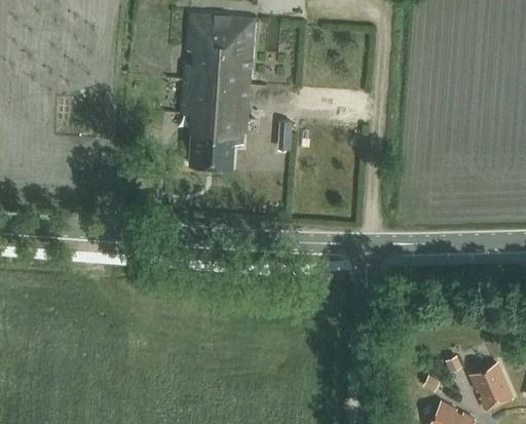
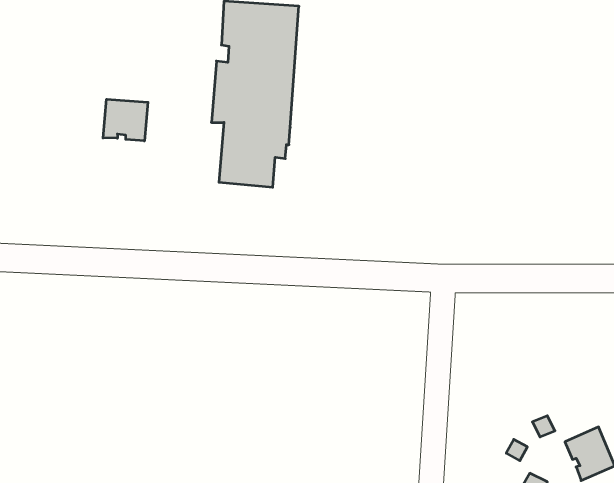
building: none -> [103,99,148,141]

